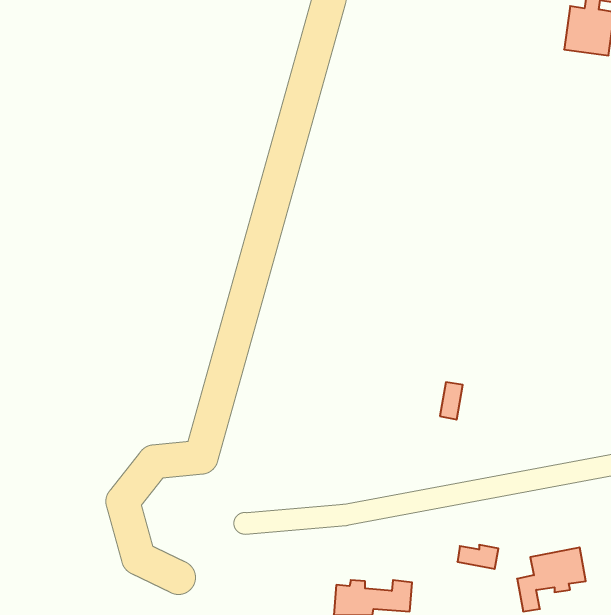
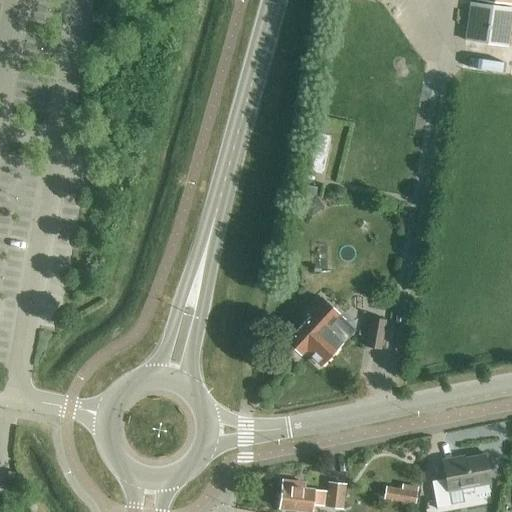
building: none -> [286,306,351,367]
building: [457,545,498,569] -> [387,482,421,502]

